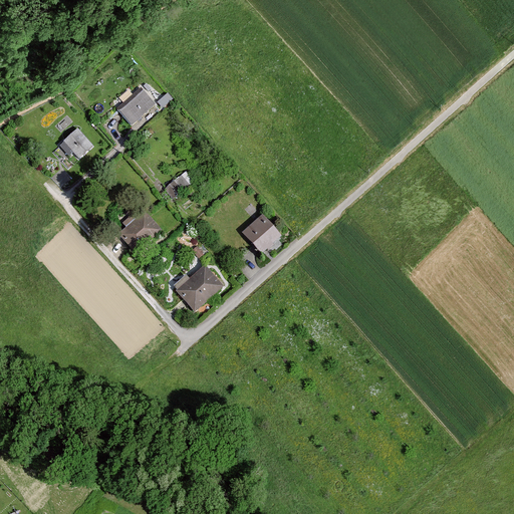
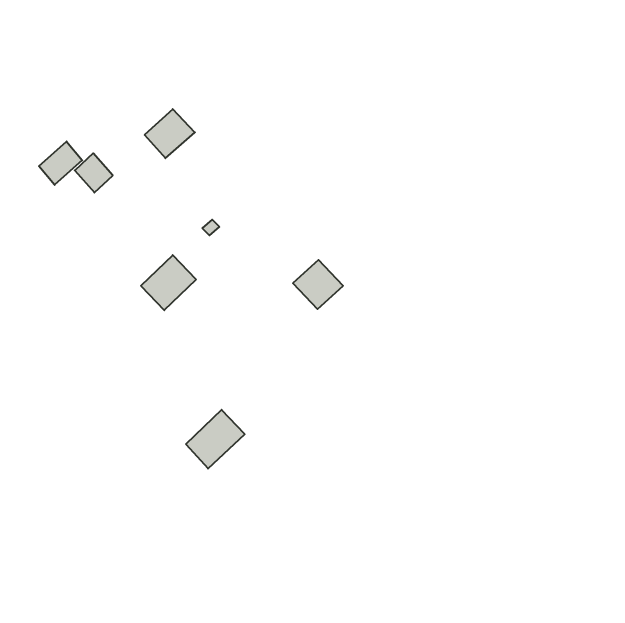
building: none -> [39,141,82,185]
building: [176,263,224,311] -> [186,410,245,469]

